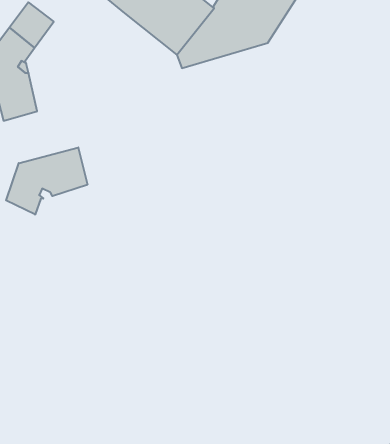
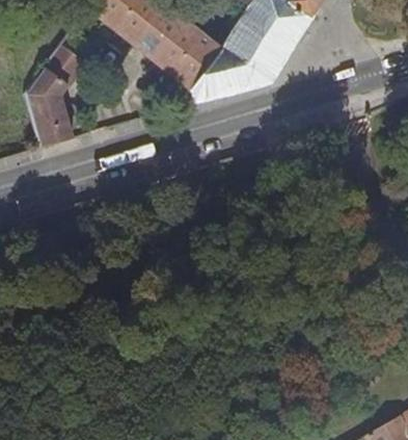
building: [6,147,87,215] -> none

